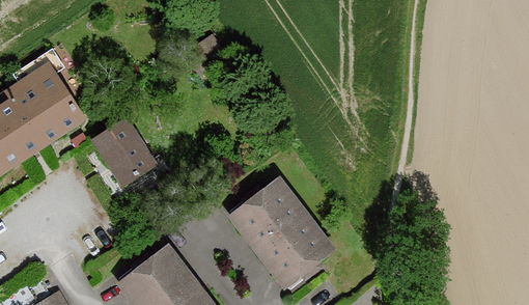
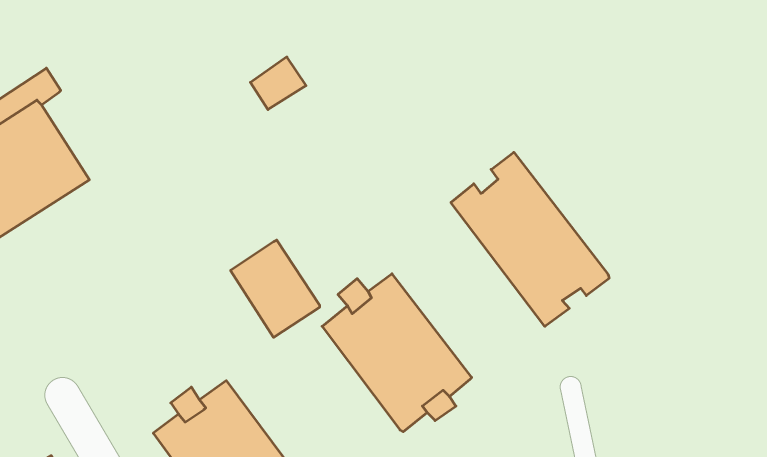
building: none -> [451,152,609,326]
building: [95,124,154,188] -> [231,240,320,337]

